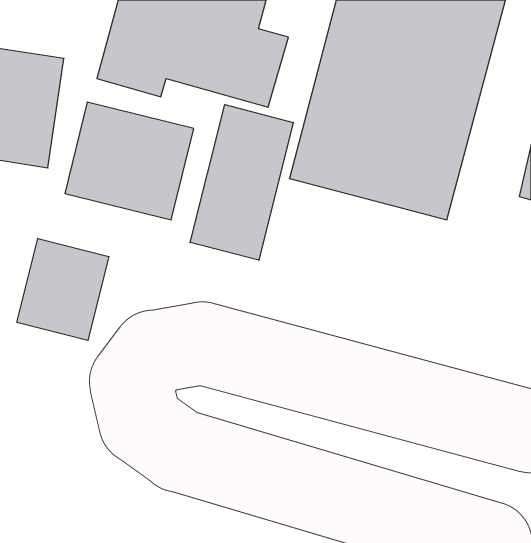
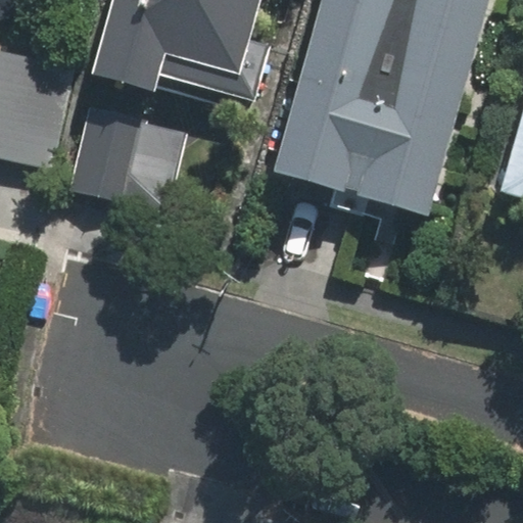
building: [190,105,293,260] -> none
building: [17,238,109,341] -> none

